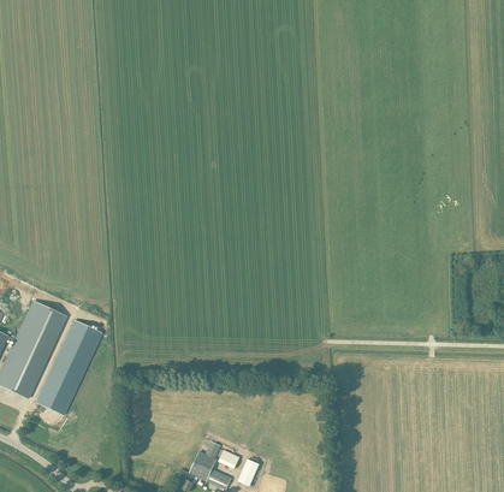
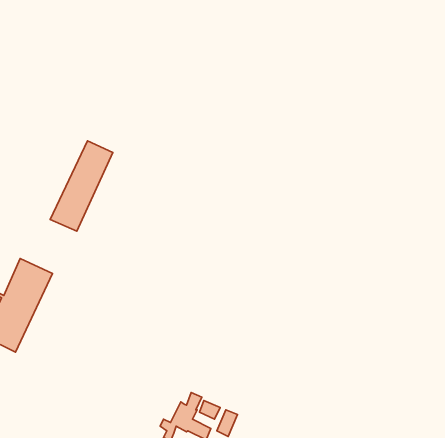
building: [36,320,101,414] -> [50,141,113,231]

